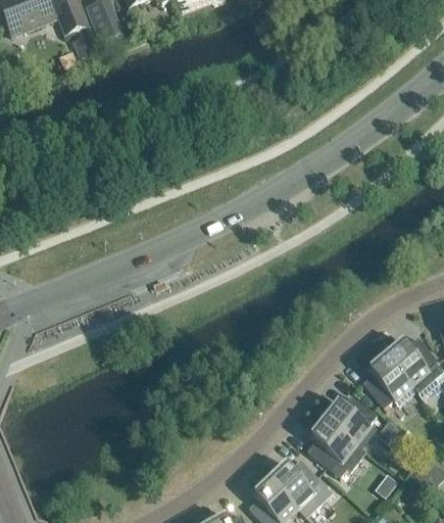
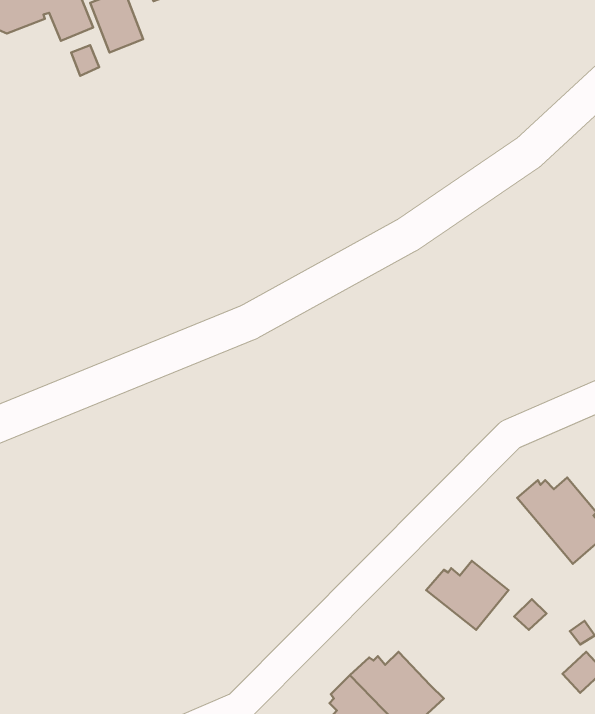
building: [363,351,415,408] -> none
building: [307,416,366,477] -> none

